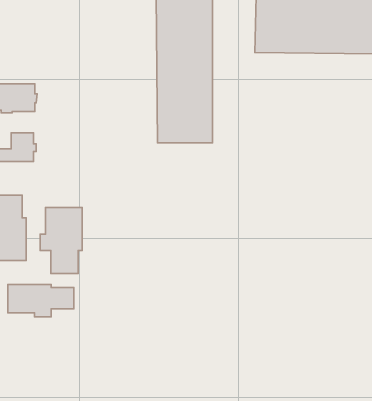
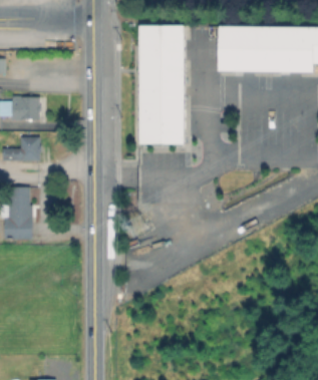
building: [40,207,82,273] -> none
building: [8,284,74,317] -> none

